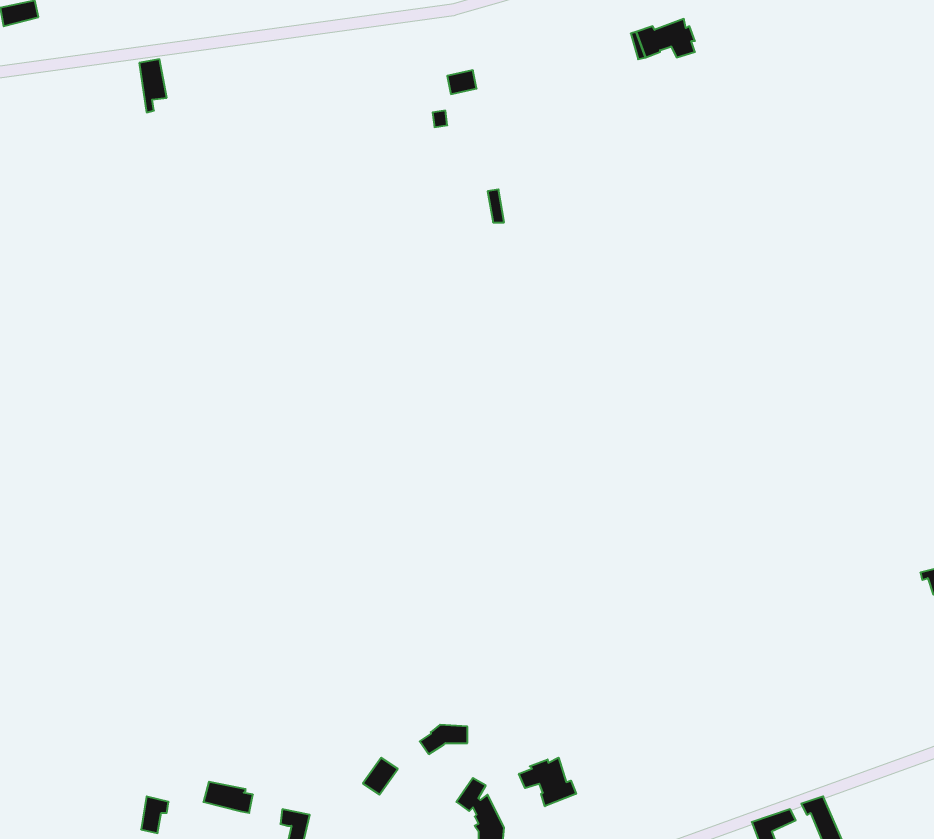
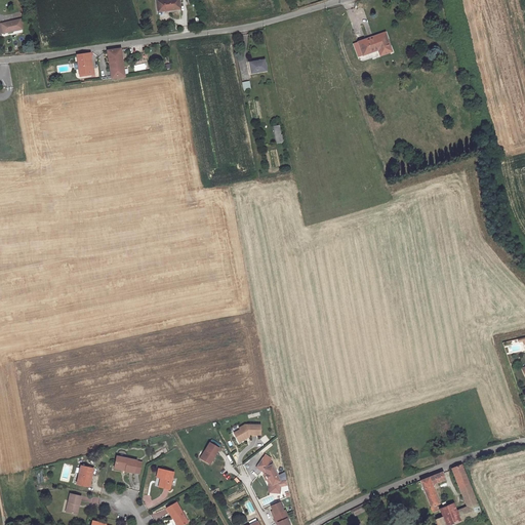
building: none -> [108,48,126,78]
building: [519,758,576,806] -> none

